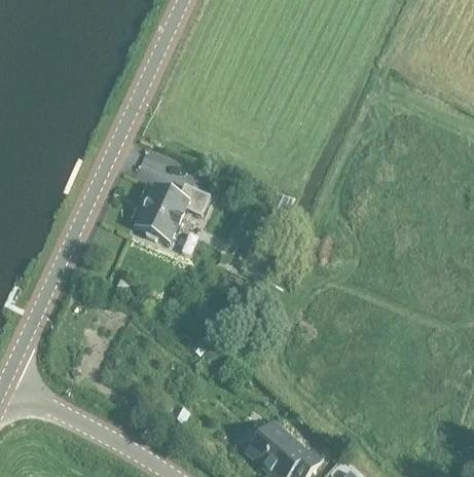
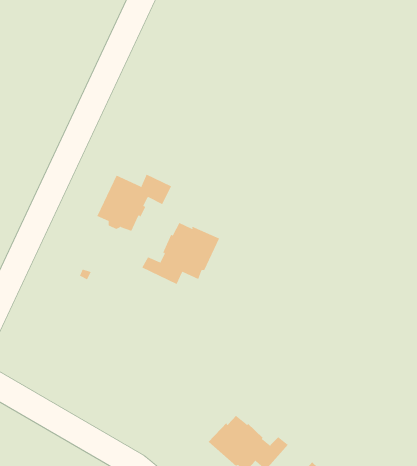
building: none -> [142,222,220,285]

